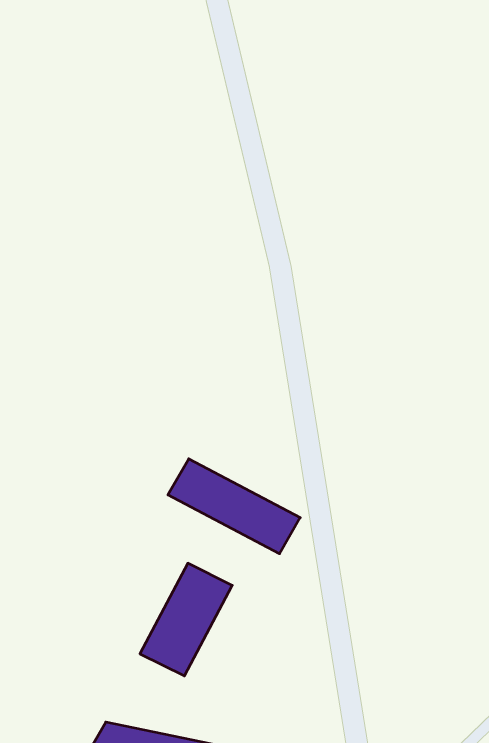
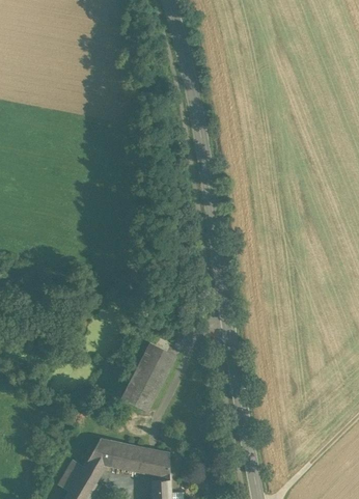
building: [168,459,300,554] -> none

